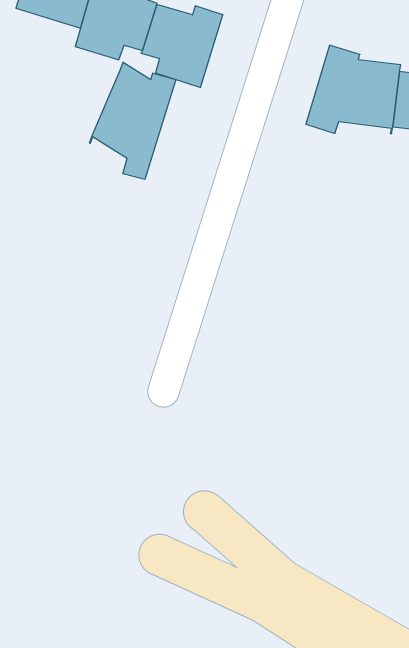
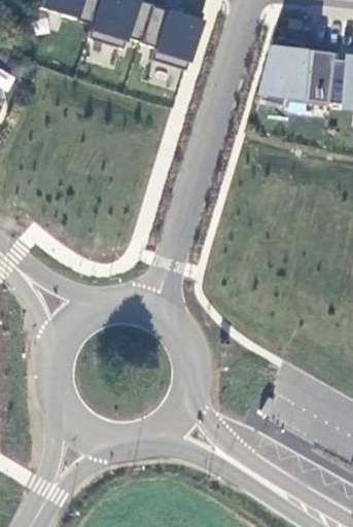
building: [89,62,176,179] -> none

